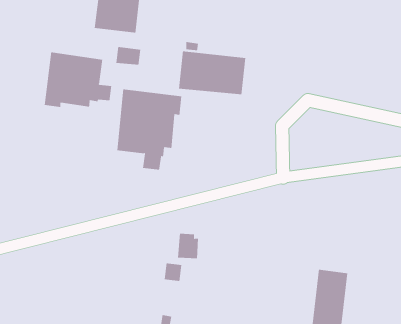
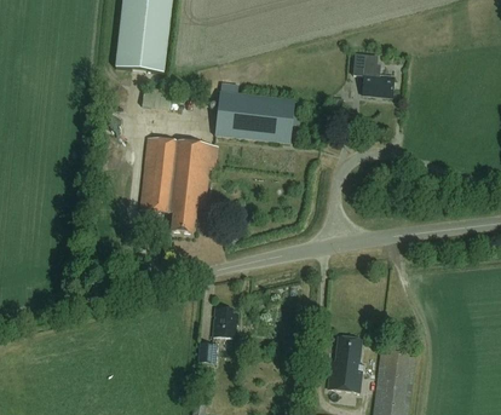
building: none -> [353,52,396,97]
building: [44,52,112,108] -> none
building: none -> [327,335,363,391]

